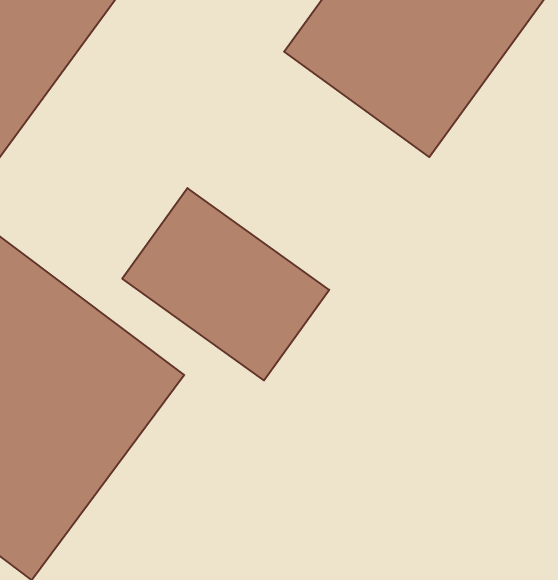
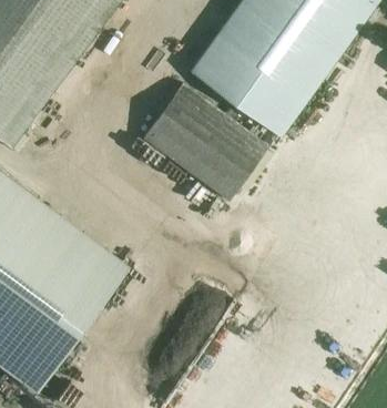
building: [122,188,329,380] -> [142,84,268,202]

